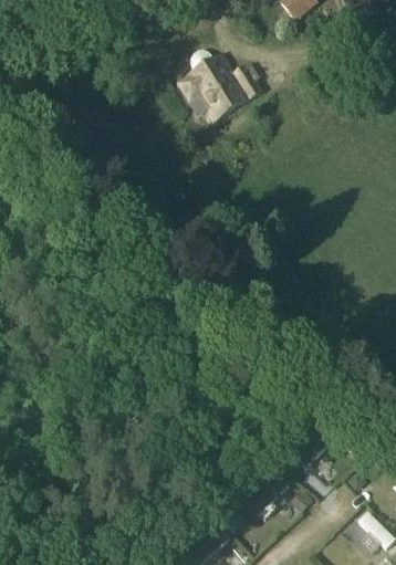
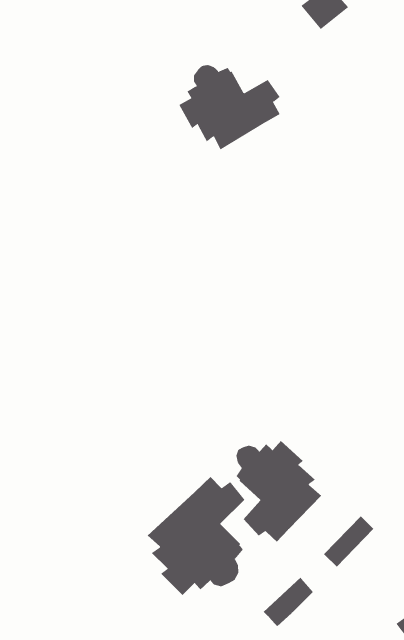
building: none -> [236,440,322,542]
building: none -> [147,476,245,596]

